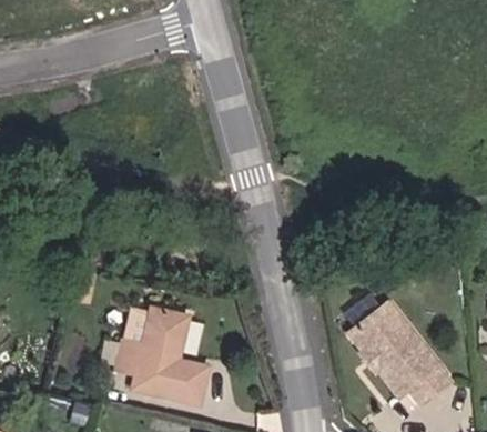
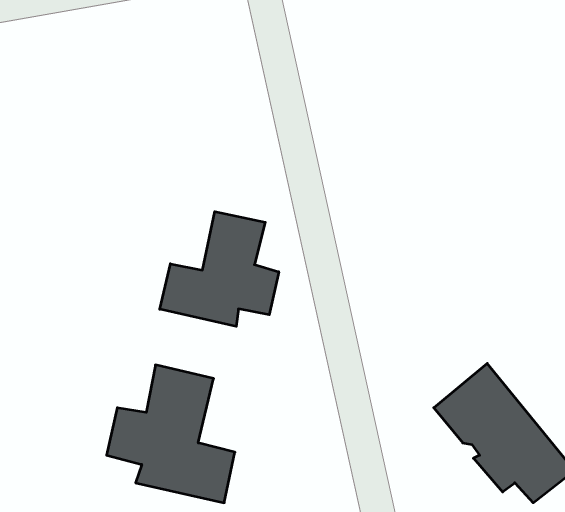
building: none -> [160,212,279,326]

